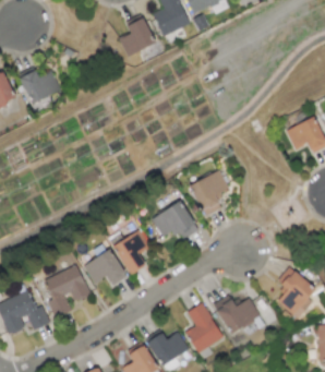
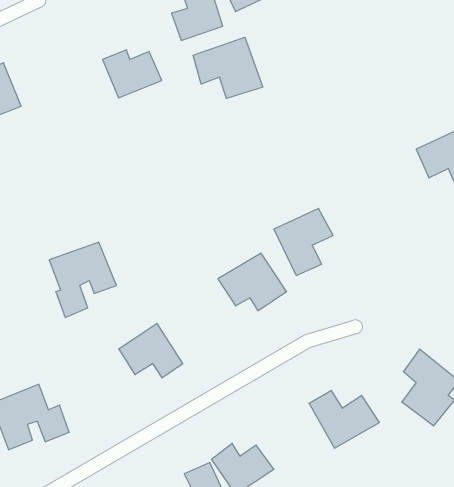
building: none -> [193,37,263,98]
building: [20,70,60,103] -> [103,50,162,98]
building: [113,230,149,275] -> none
building: [44,266,89,317] -> [49,242,116,317]
building: [185,302,222,352] -> none

